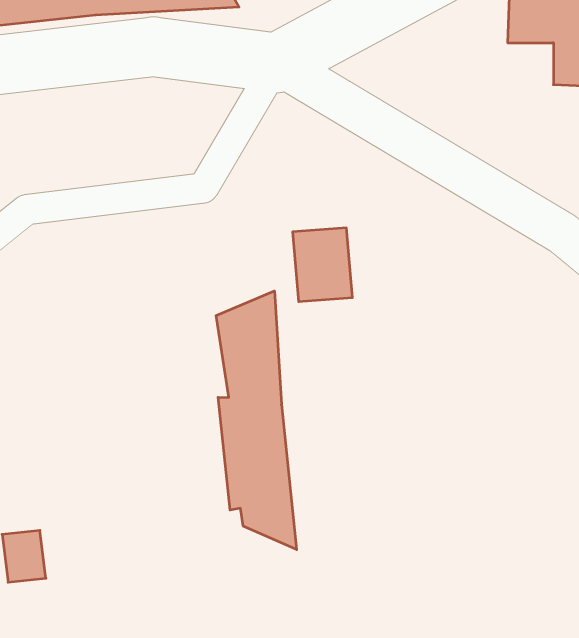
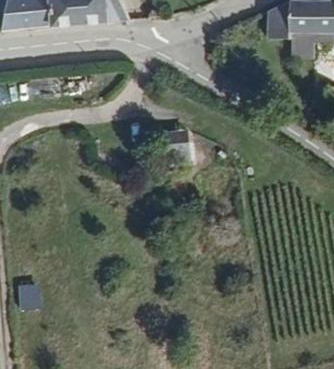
building: [216,291,297,550] -> none

